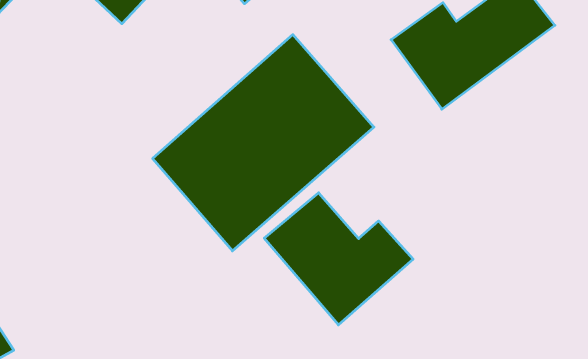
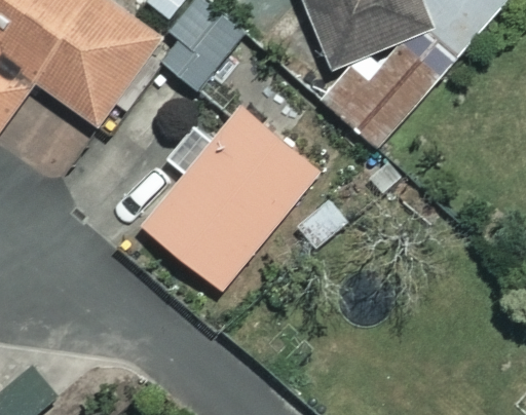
building: [264,193,413,325] -> none

